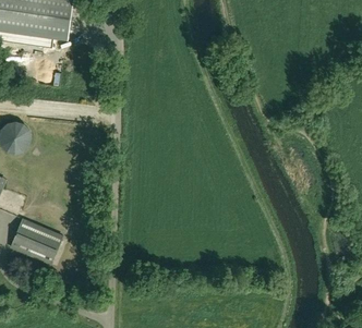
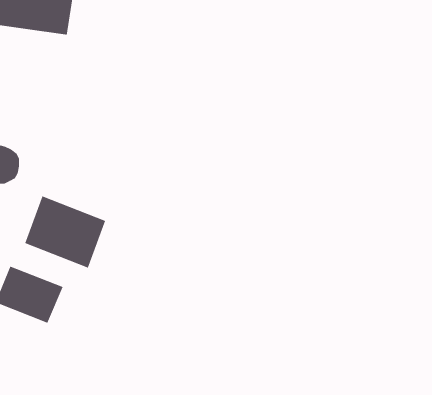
building: none -> [25,196,106,269]

